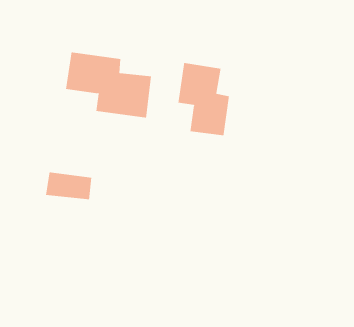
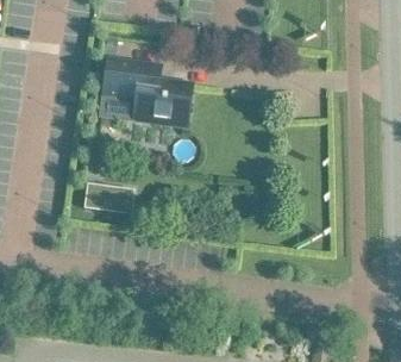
building: [178,62,229,136] -> none

